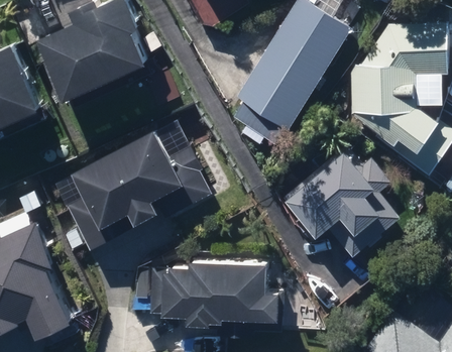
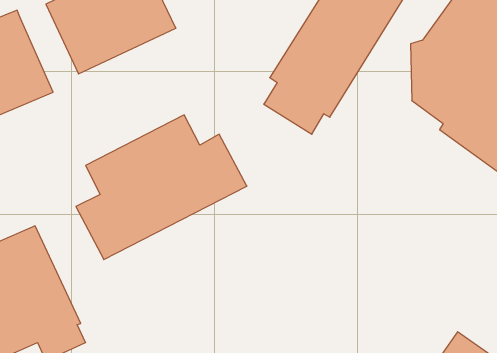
building: [284,146,400,259] -> none
building: [154,258,290,319] -> none

